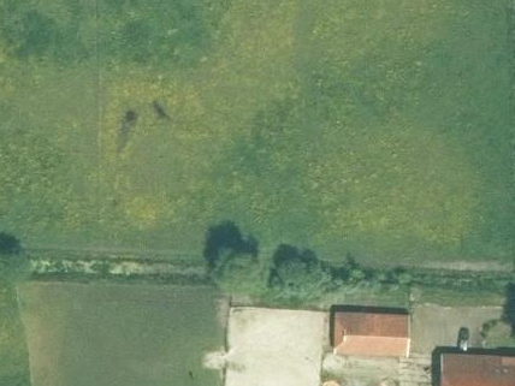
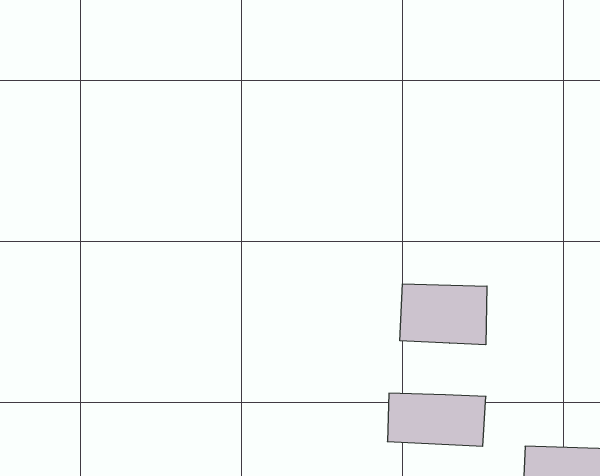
building: none -> [400,284,487,345]

